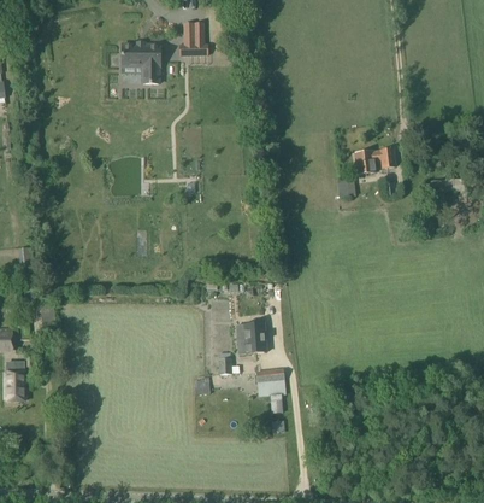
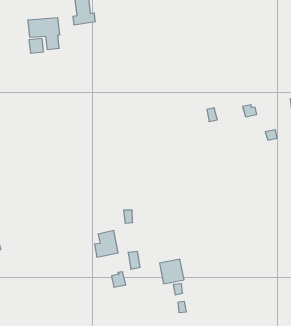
building: [354,147,395,174] -> none
building: [237,322,266,353] -> [94,231,118,257]

